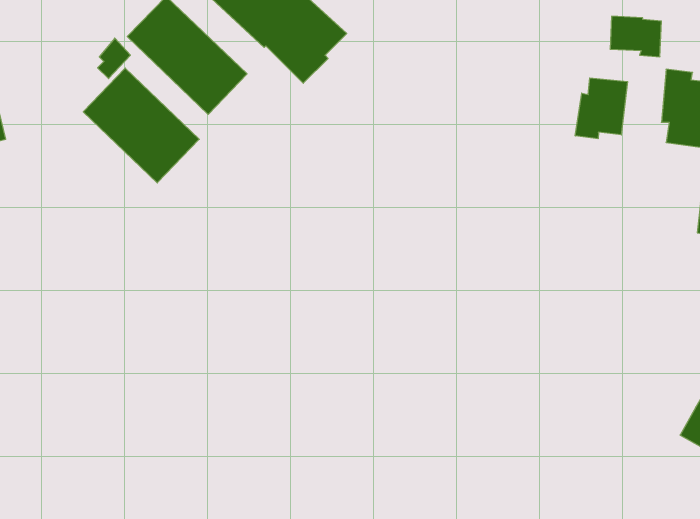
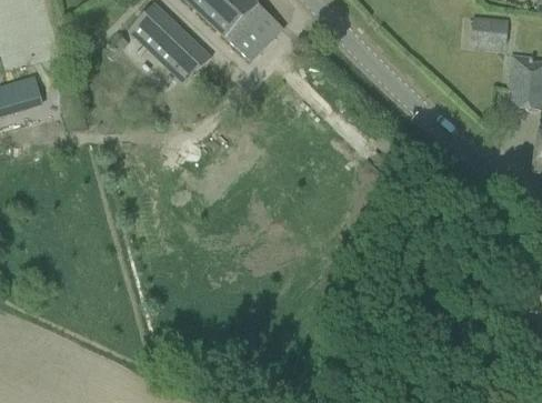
building: [83,68,199,183] -> none
building: [575,78,628,139] -> none

